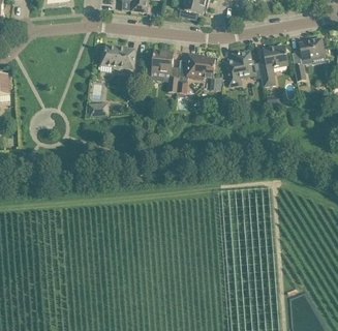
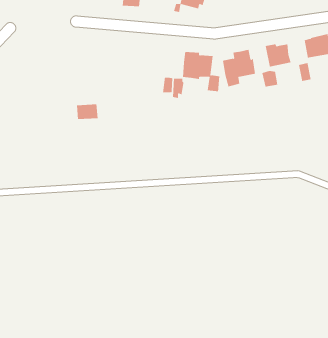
building: [100,44,135,68] -> none
building: [151,50,173,73] -> none

